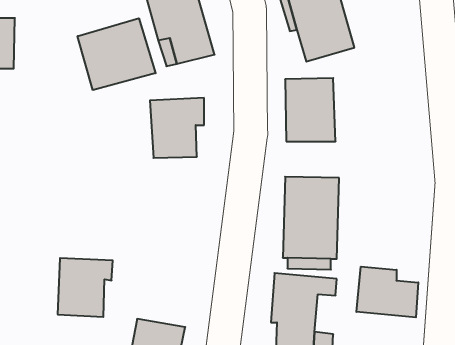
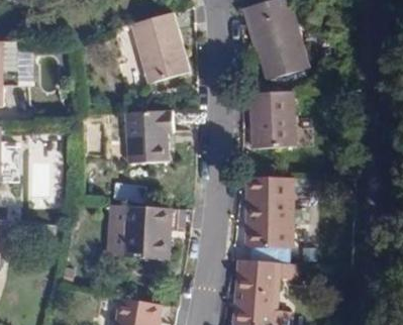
building: [78,18,156,90] -> none
building: [58,258,113,317] -> [122,205,170,255]
building: [356,267,418,317] -> none

